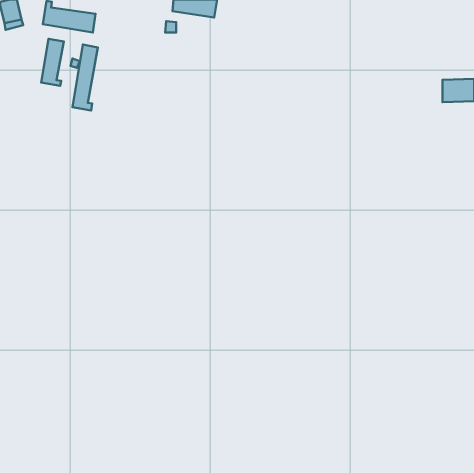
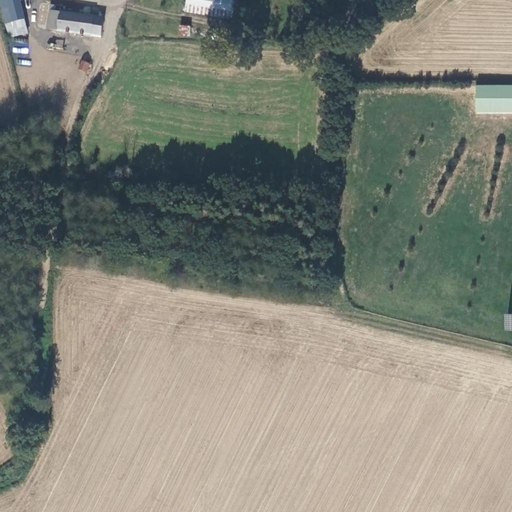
building: [41,39,64,86] -> none
building: [72,45,98,110] -> none

